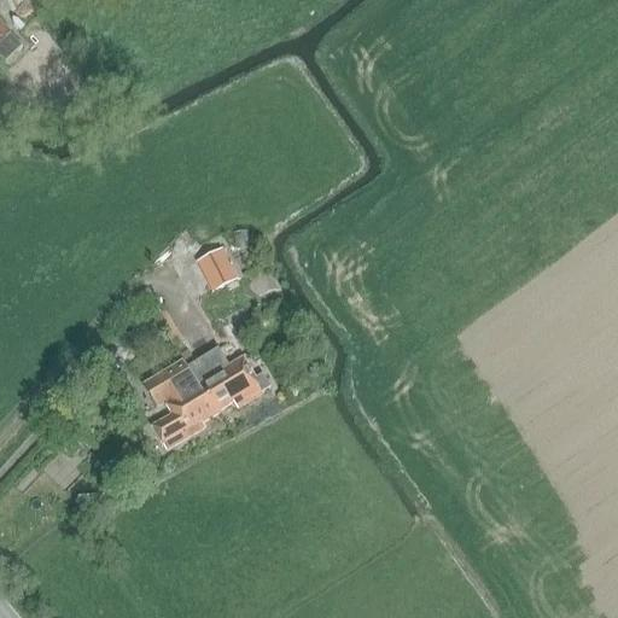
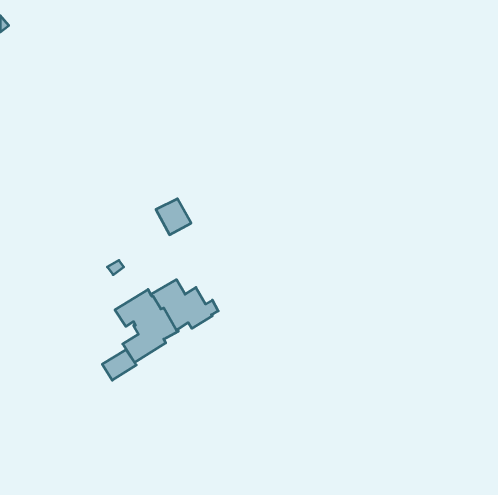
building: none -> [102,350,136,380]

